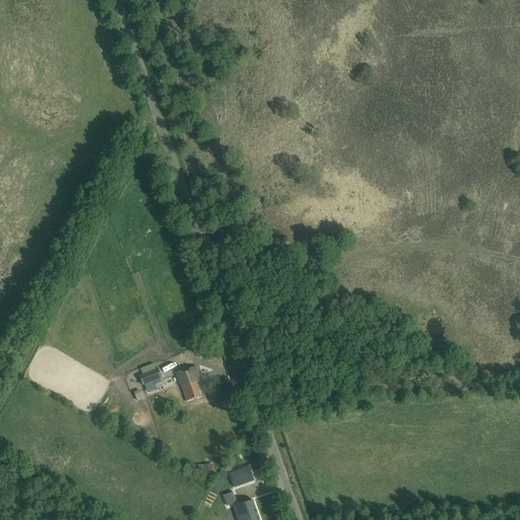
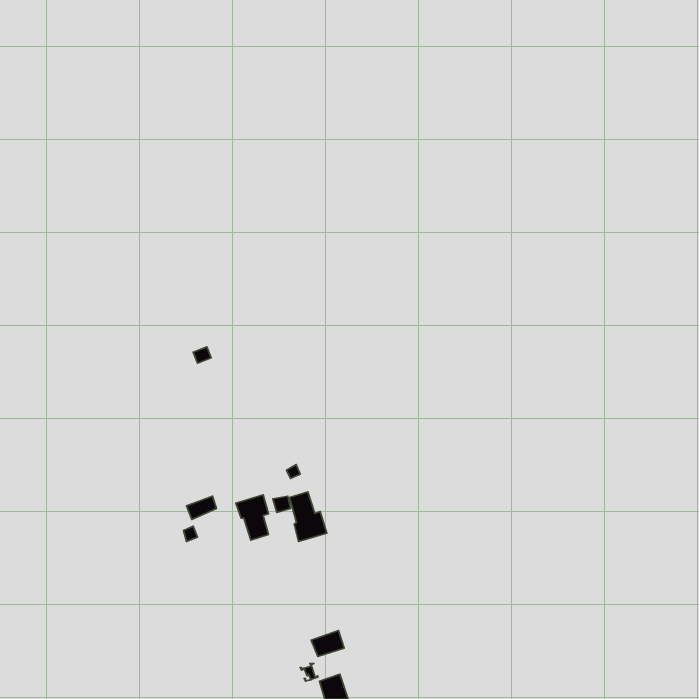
building: none -> [289,492,327,542]

